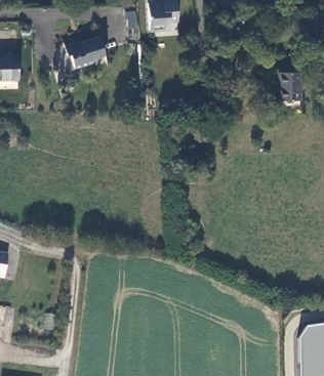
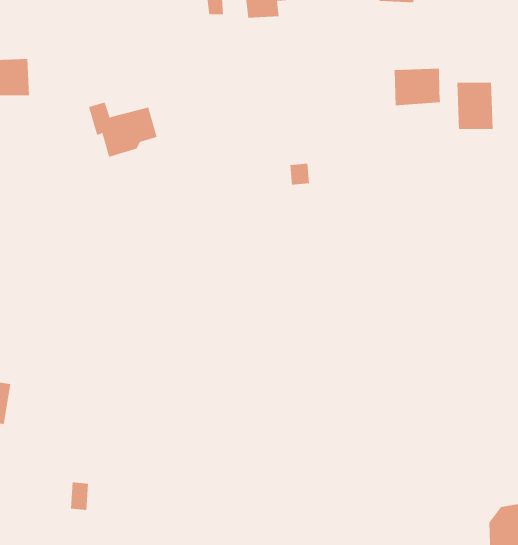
building: [65,34,107,68] -> [88,102,157,157]
building: none -> [394,68,441,106]

